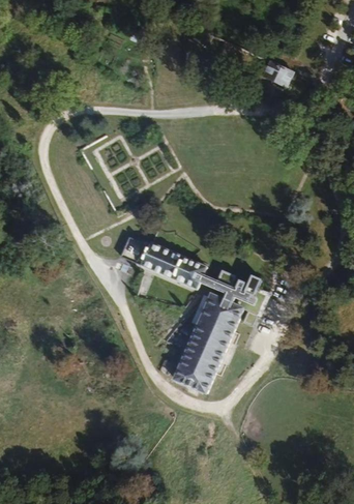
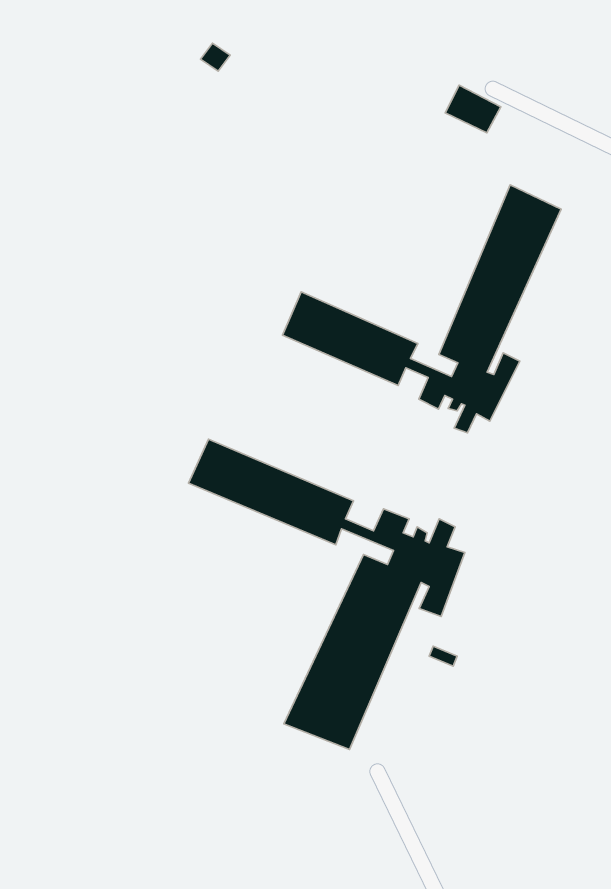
building: none -> [282,185,561,433]

